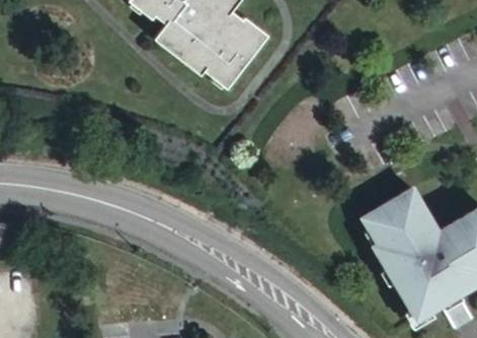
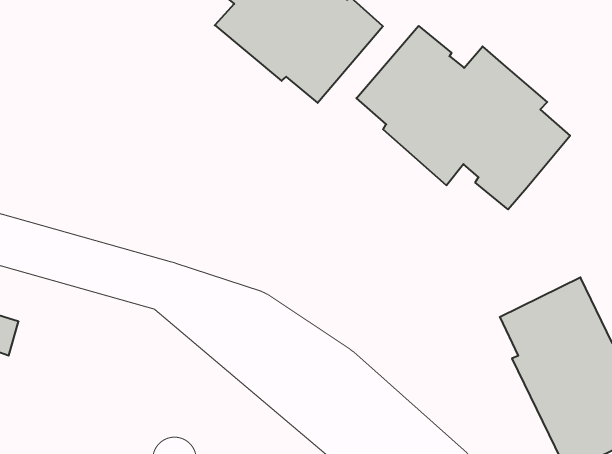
building: none -> [356,26,570,209]

